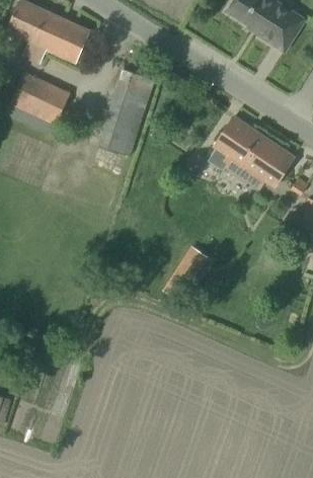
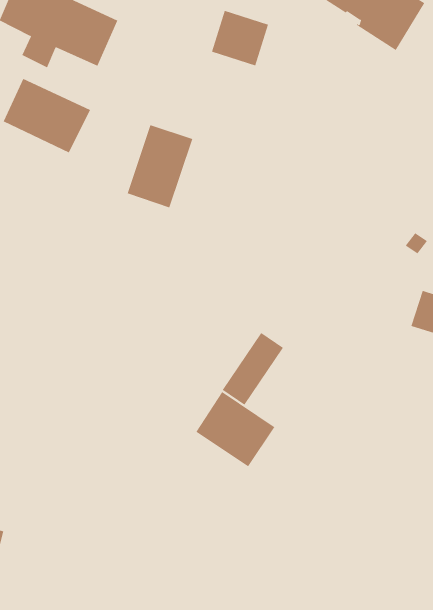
building: [113,70,154,109] -> [211,10,269,66]
building: [209,116,295,188] -> none
building: none -> [196,391,275,467]

